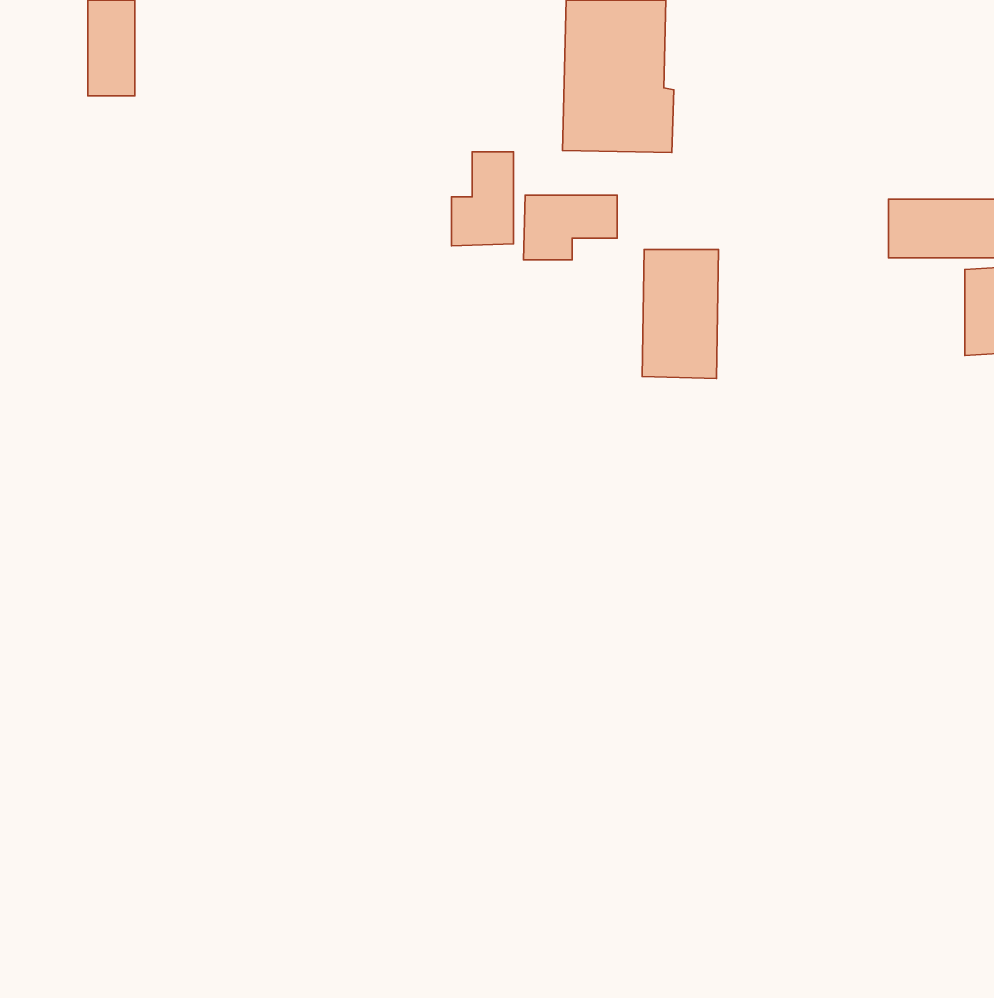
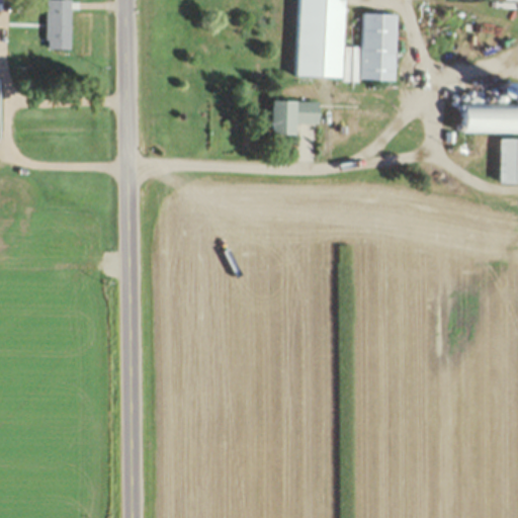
building: [452,152,513,246] -> none
building: [642,250,718,378] -> [359,13,399,80]

